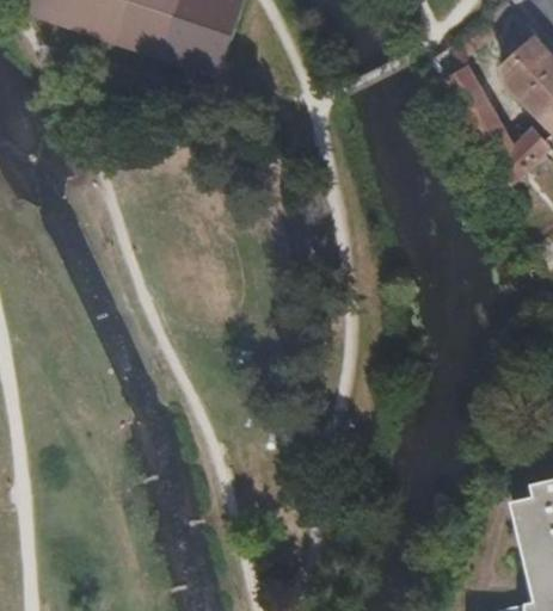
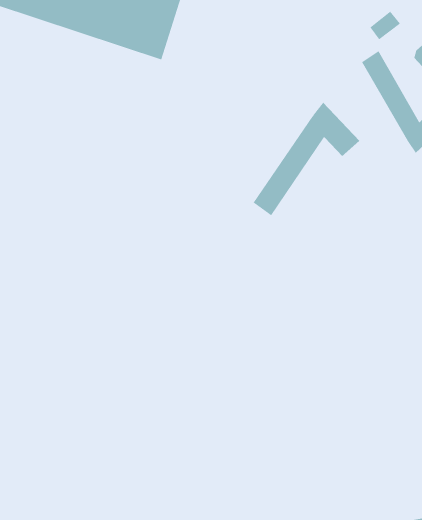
building: none -> [253,102,360,216]

